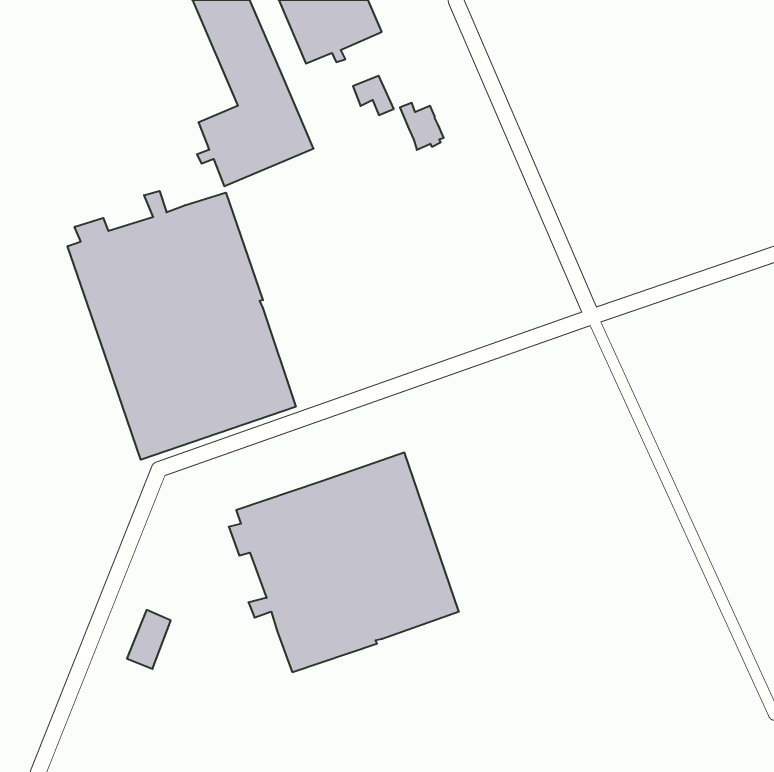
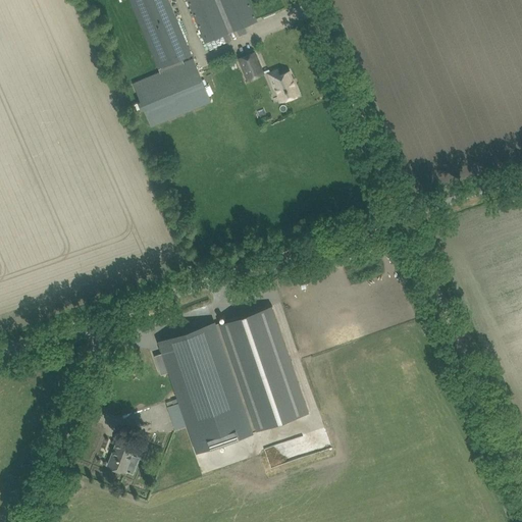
building: [68,191,296,460] -> none
building: [127,610,171,669] -> [108,433,138,473]

